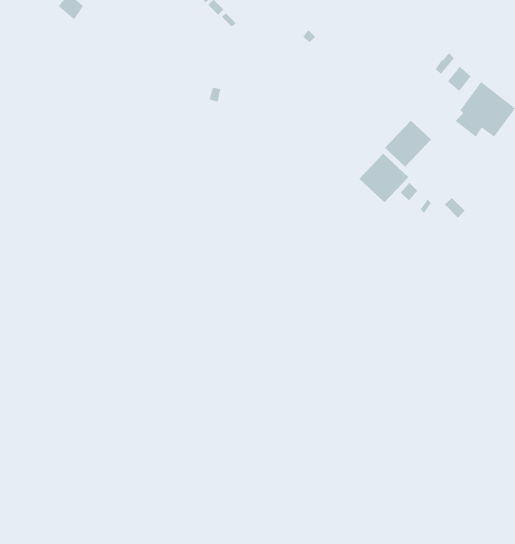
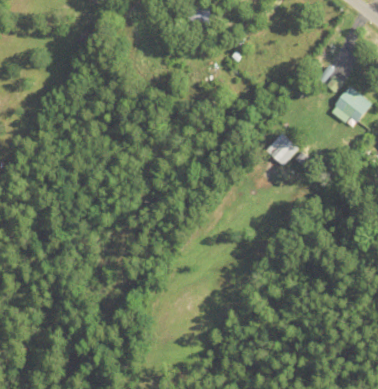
building: [384,120,432,168] -> none

